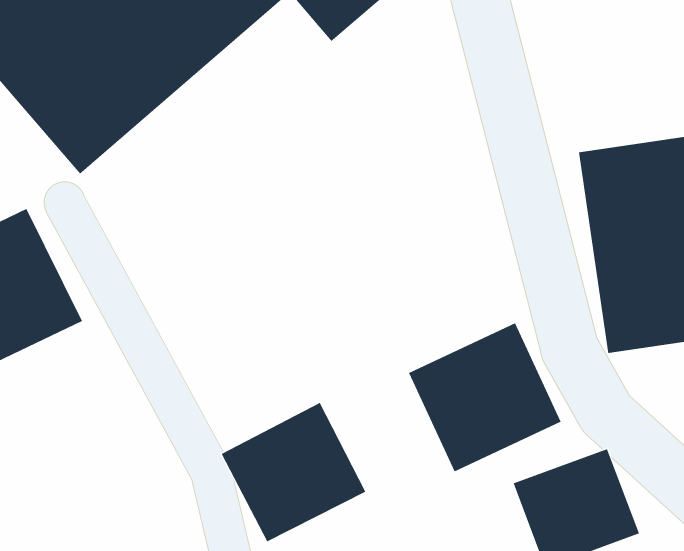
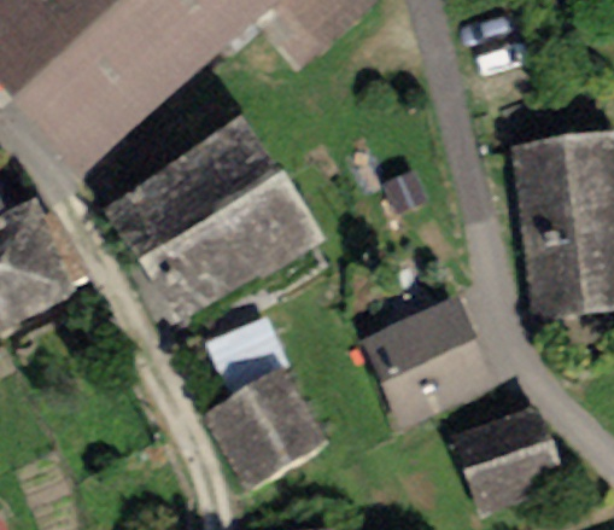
building: none -> [111,126,320,320]

